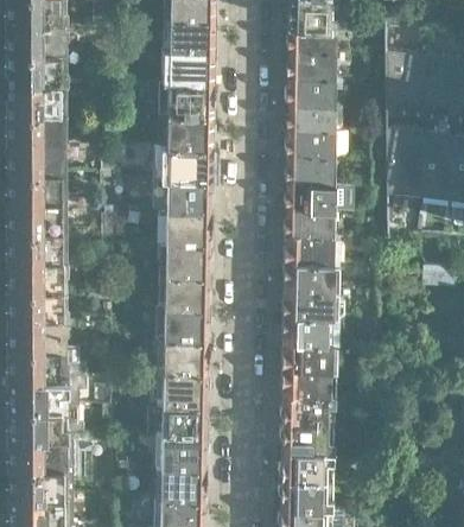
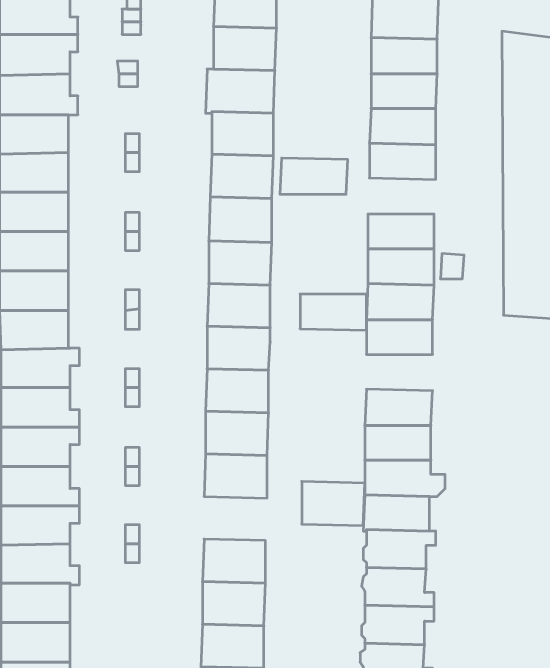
building: [286,136,337,164] -> [280,158,348,194]
building: [285,269,335,297] -> [300,294,366,330]
building: [163,376,210,409] -> [302,481,365,526]

